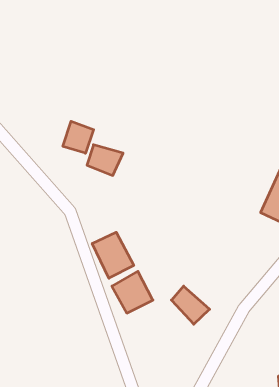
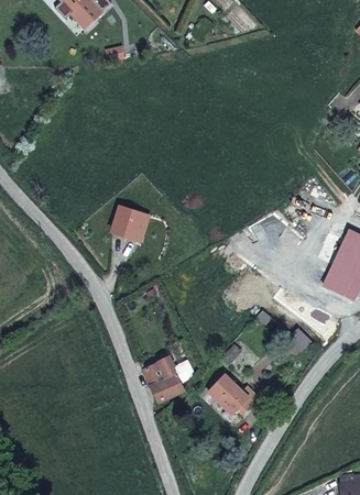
building: [63,121,94,153] -> none
building: [92,232,134,278] -> none

